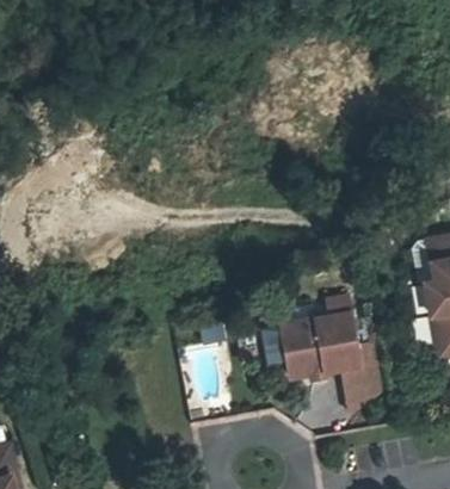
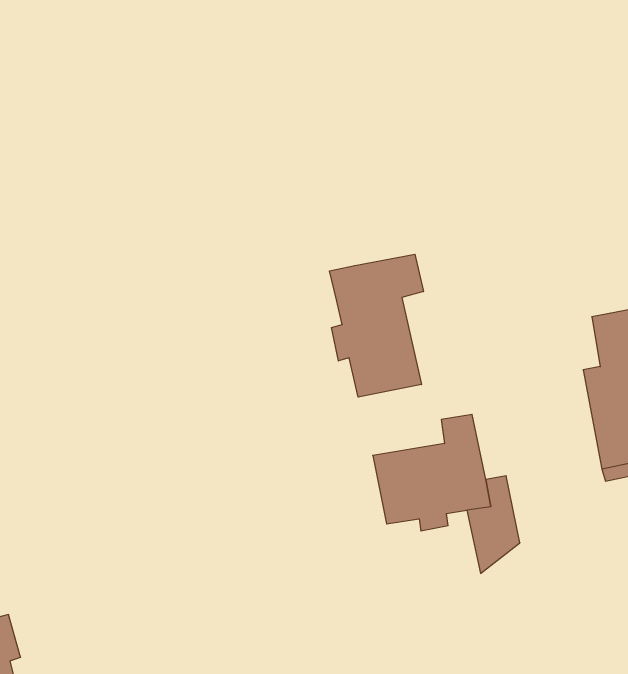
building: none -> [330,254,423,397]

